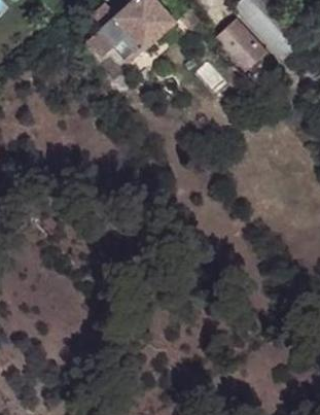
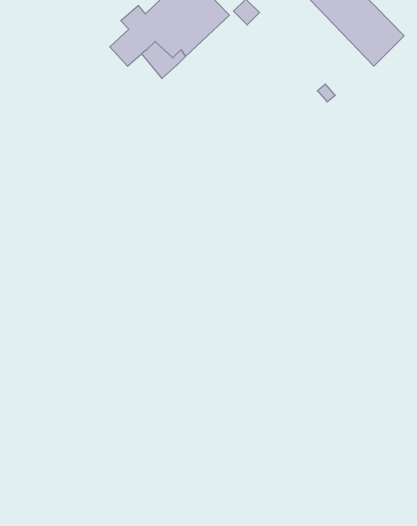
building: [215,19,265,69] -> none

